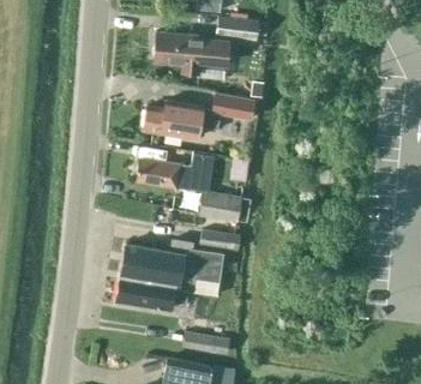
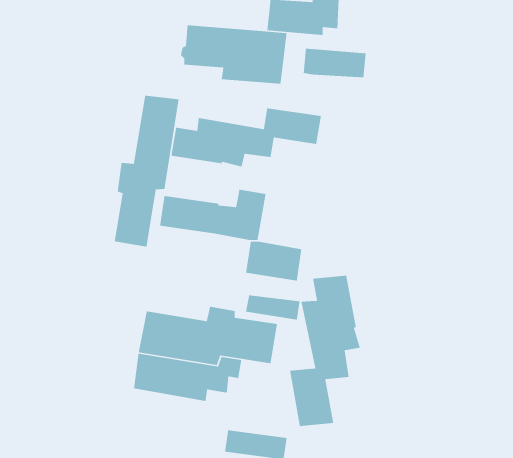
building: none -> [303,48,366,78]
building: none -> [114,95,180,248]
building: none -> [289,275,361,427]

